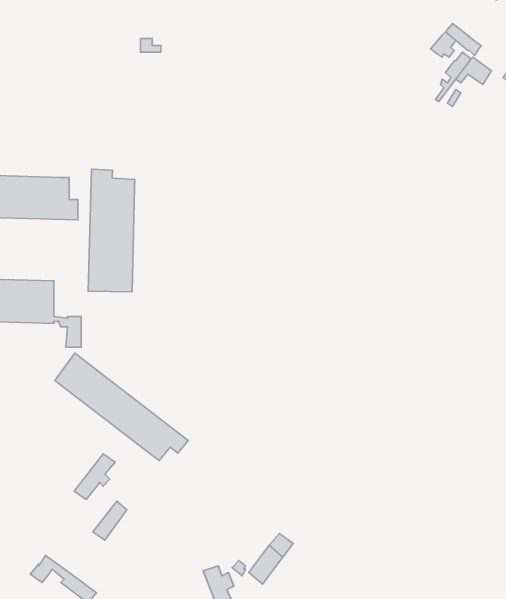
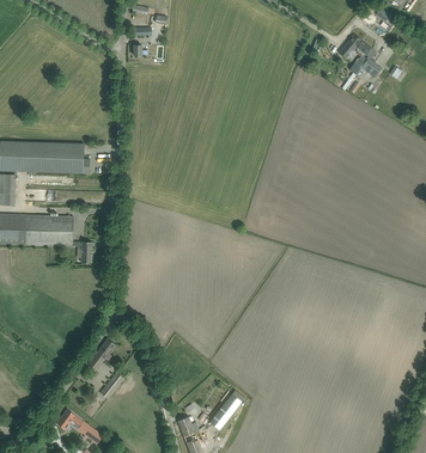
building: [88,169,135,292] -> none
building: [55,353,188,461] -> none

